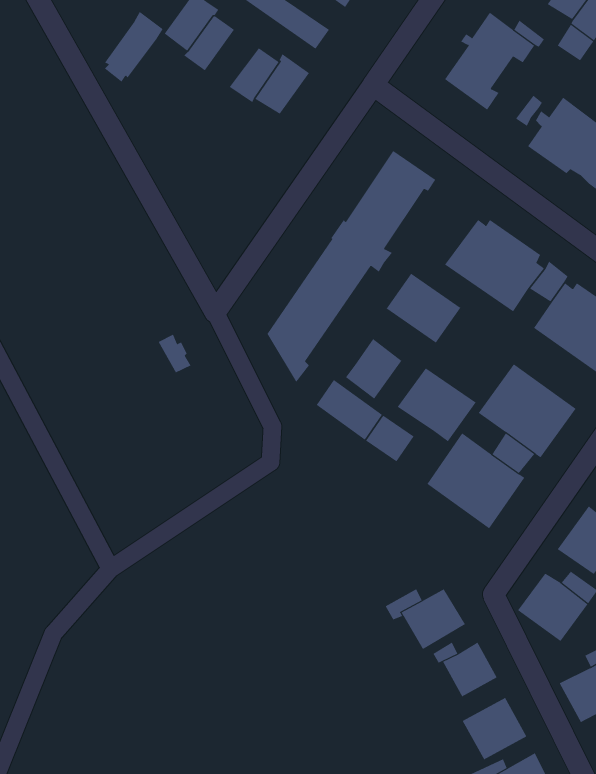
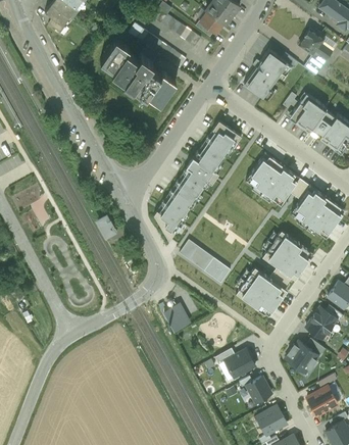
building: [104,11,163,82] -> [122,54,153,91]
building: [386,273,461,344] -> none
building: [345,338,402,400] -> none
building: [397,367,477,442] -> none
building: none -> [163,302,192,332]

